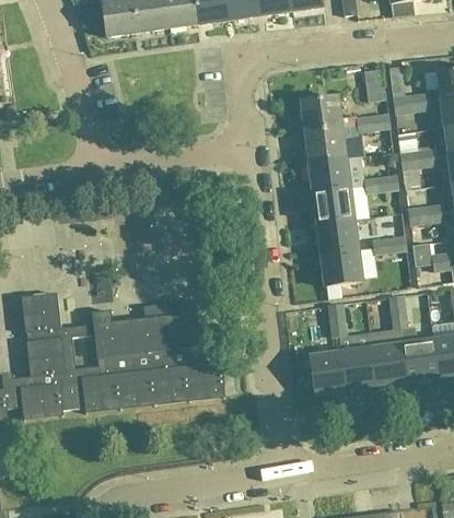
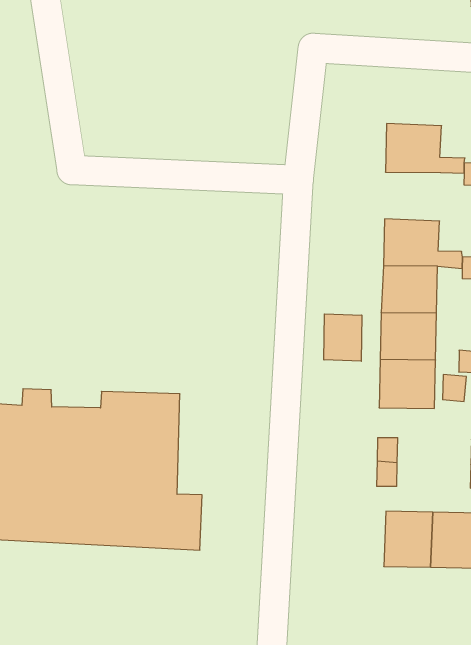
building: [305,126,346,162] -> none
building: none -> [324,314,362,361]
building: [310,352,346,392] -> none

